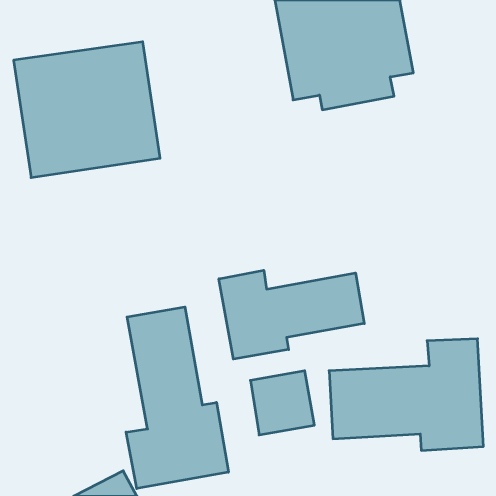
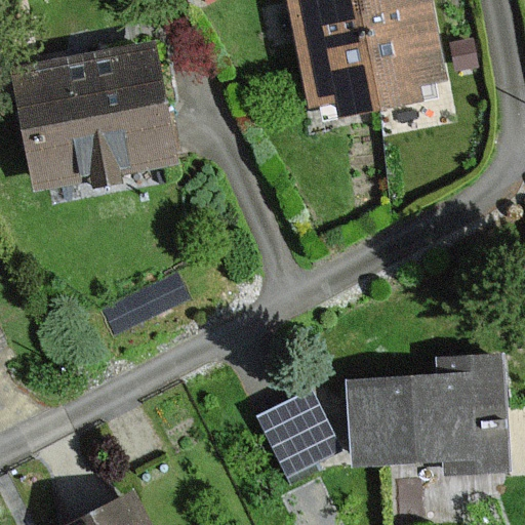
building: [219,270,364,359] -> none
building: [126,307,228,489] -> none

